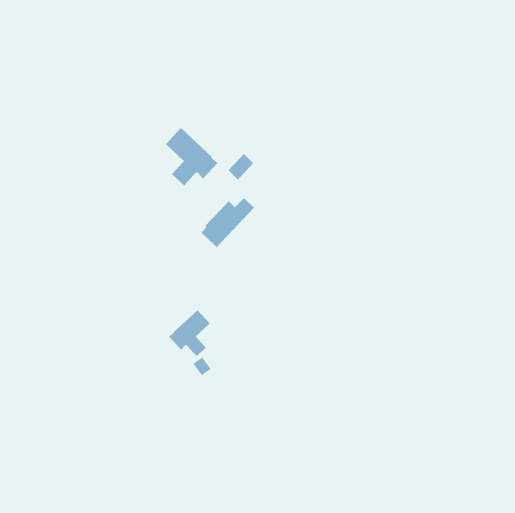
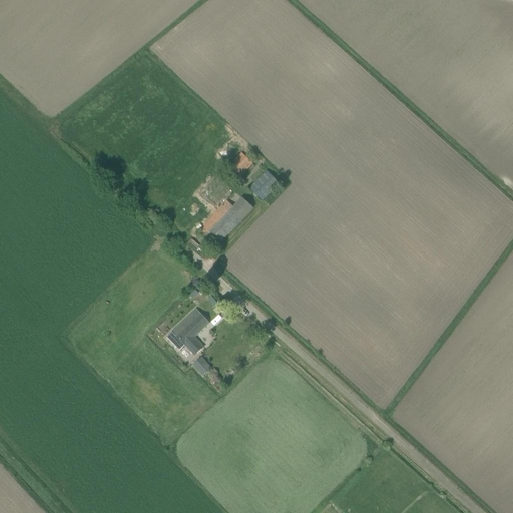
building: [165,127,218,186] -> none
building: none -> [250,170,279,198]

